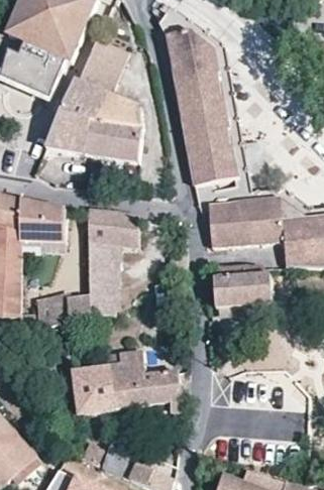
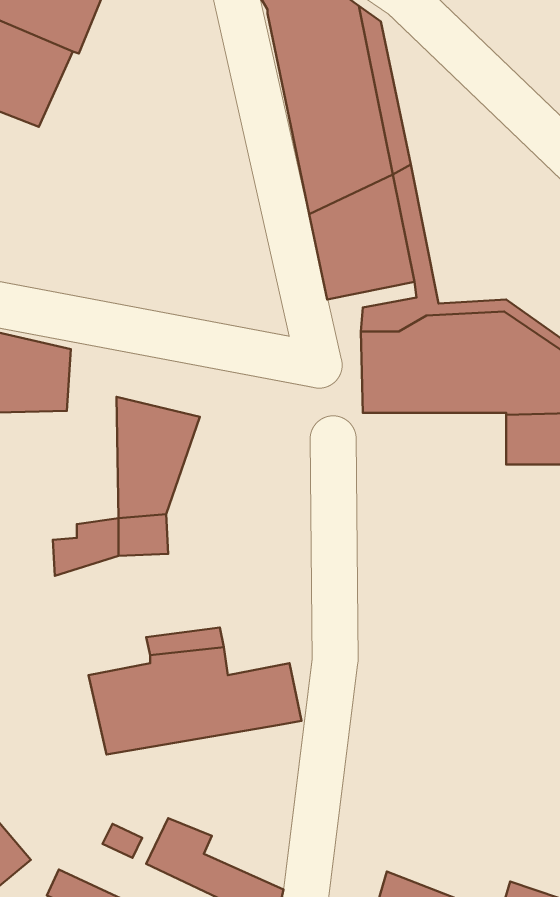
building: [43,37,140,161] -> none
building: [85,203,135,243] -> none
building: [212,267,284,307] -> none

